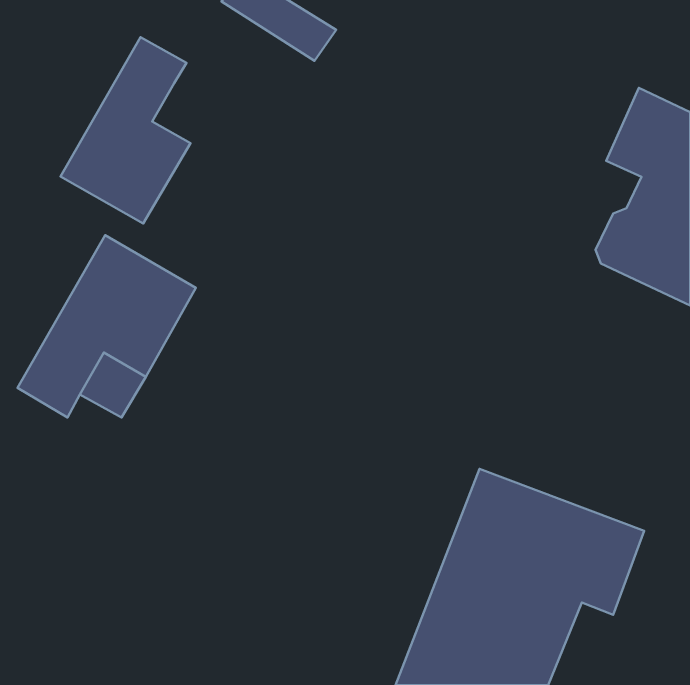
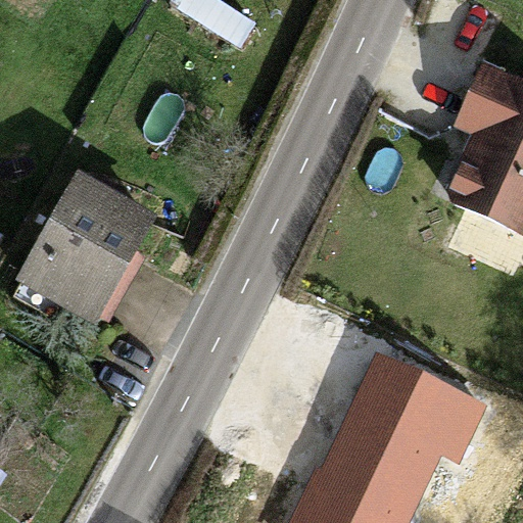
building: [60,37,190,223] -> none

